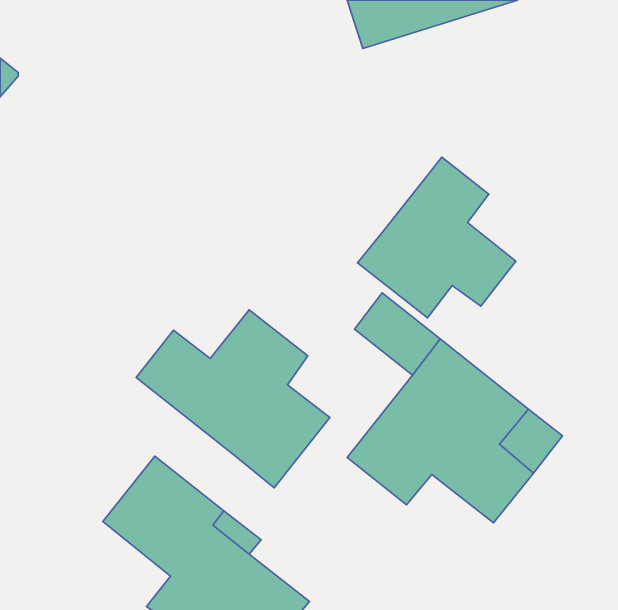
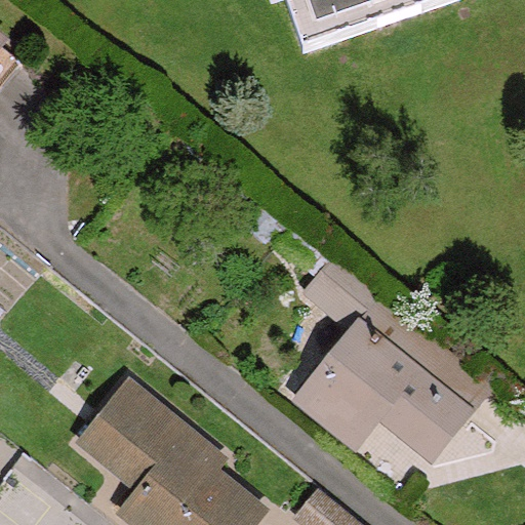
building: [358,157,516,318] -> none
building: [136,310,330,488] -> none

